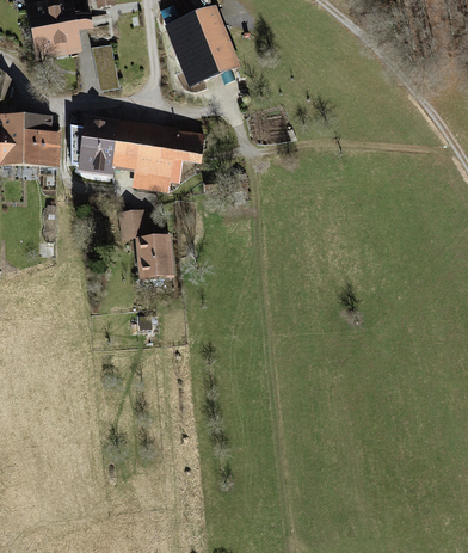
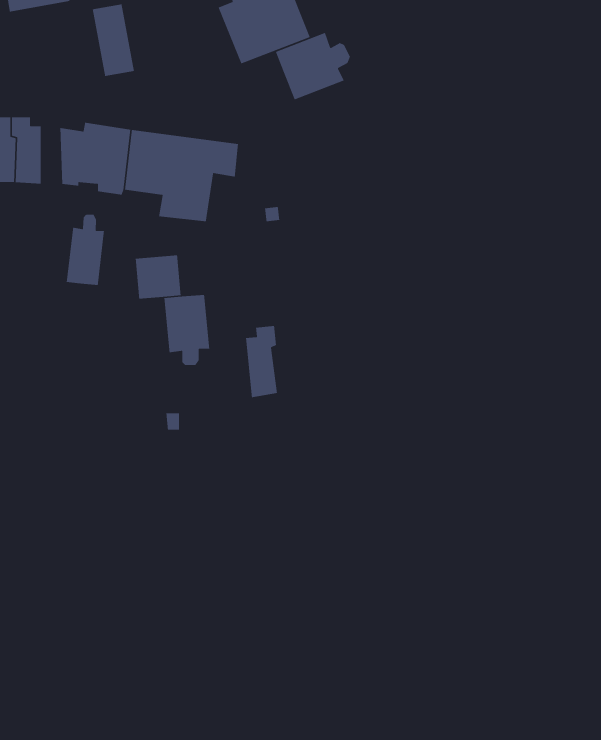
building: none -> [275,32,351,100]
building: none -> [66,214,105,286]
building: none -> [245,325,278,398]

